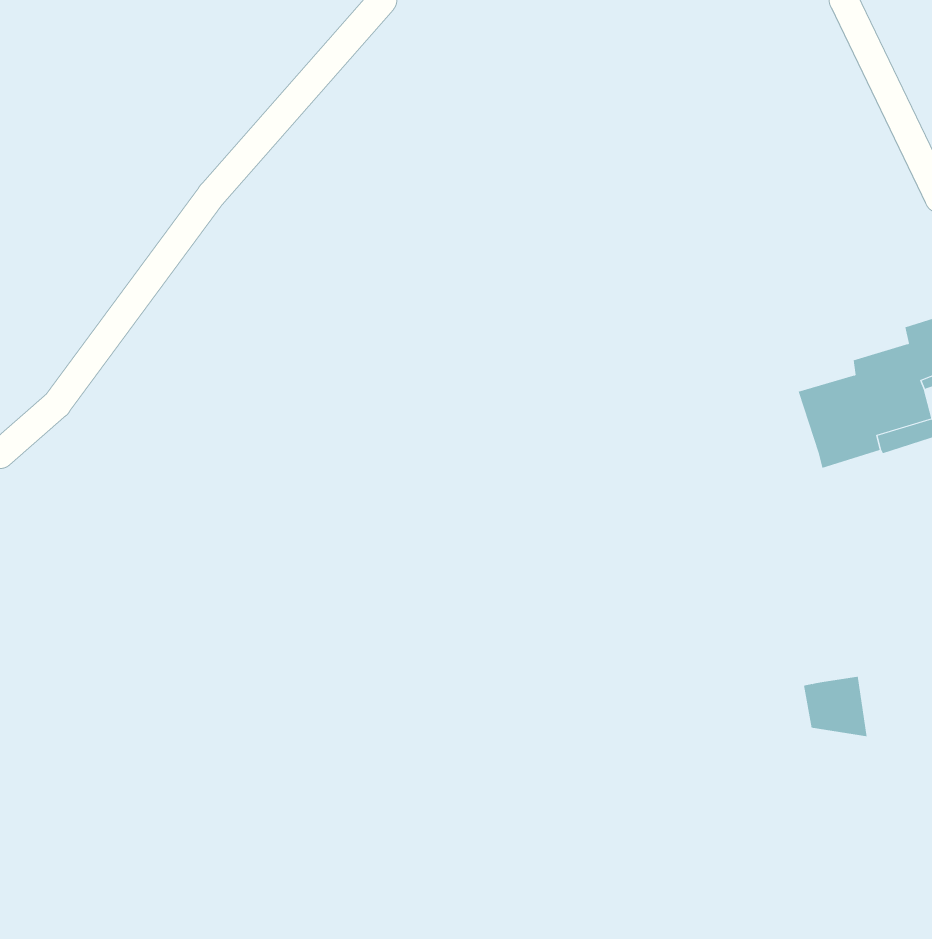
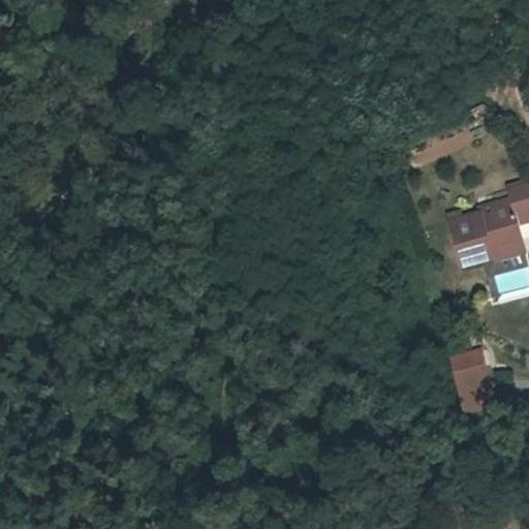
building: none -> [450,351,487,385]

